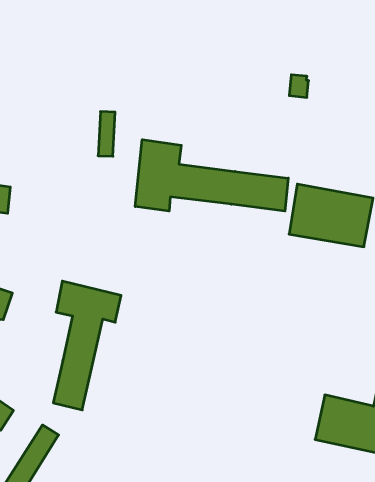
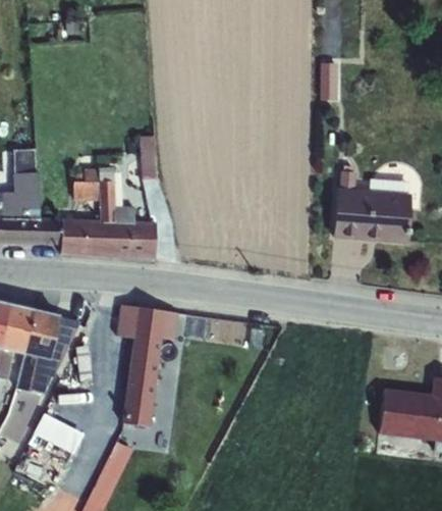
building: none -> [60,166,156,256]
building: [135,140,288,211] -> none

